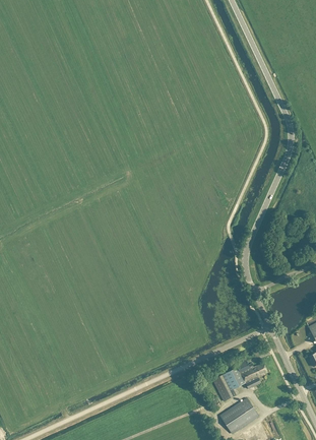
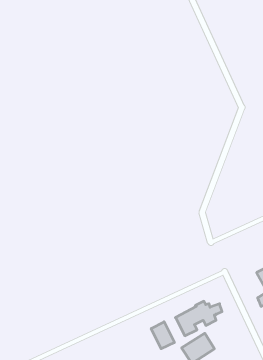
building: none -> [151,322,174,349]

